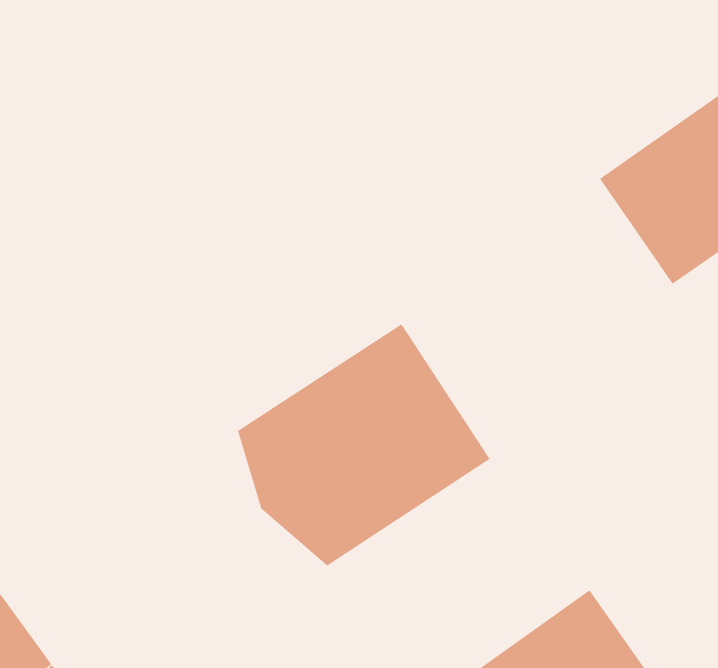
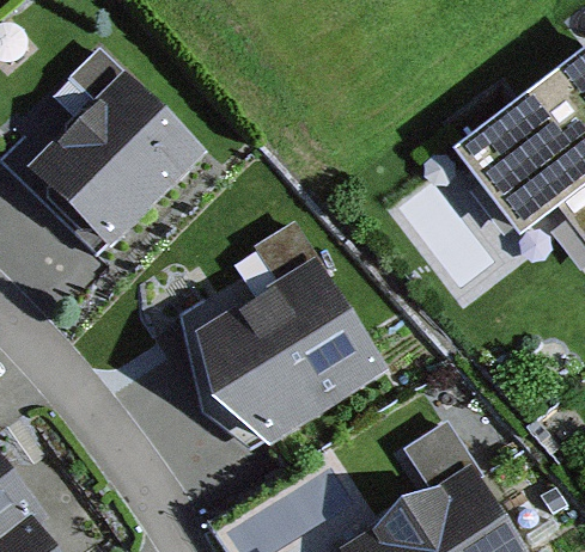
building: none -> [14,66,193,245]

